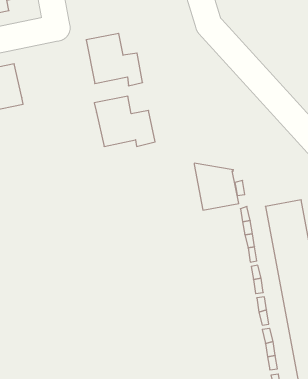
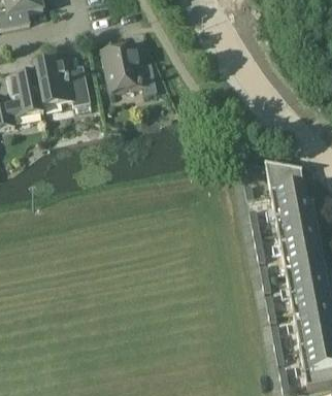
building: [94,96,155,146] -> [34,57,92,104]
building: [194,163,239,210] -> [266,163,308,207]

